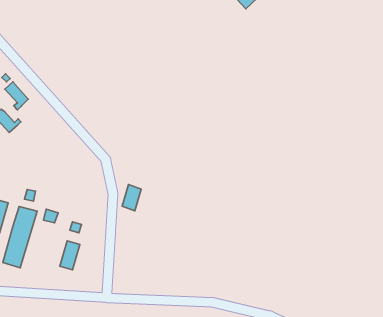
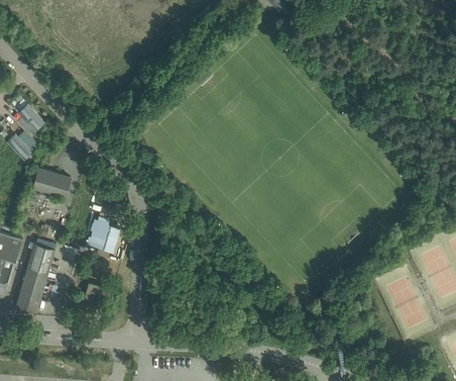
building: none -> [30,167,69,196]
building: [122,185,141,211] -> [97,221,118,251]

